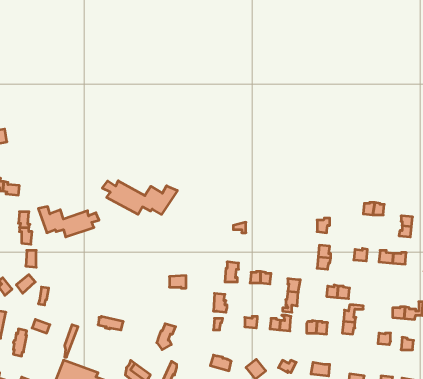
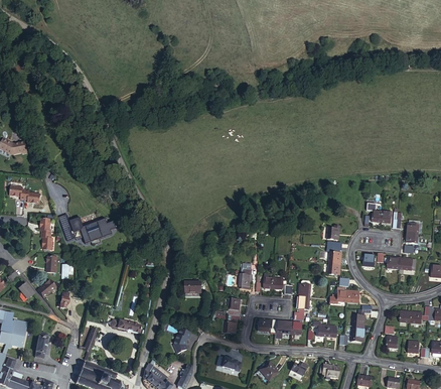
building: [102,181,177,214] -> none

